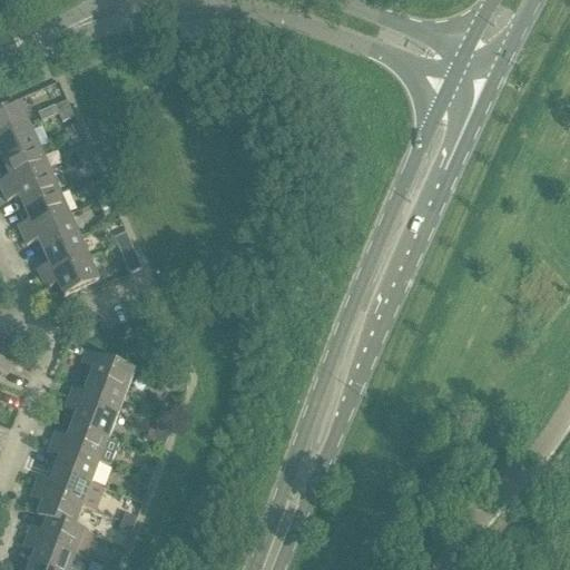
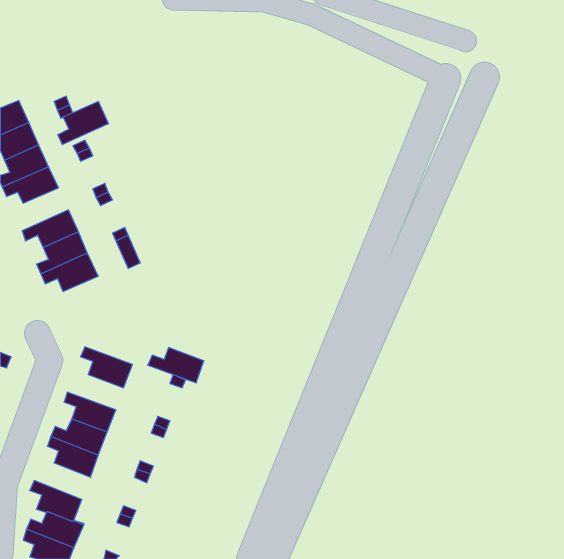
building: [18,189,69,233] -> [58,102,109,145]
building: [68,377,125,413] -> [148,348,204,383]
building: [35,466,91,503] -> none

